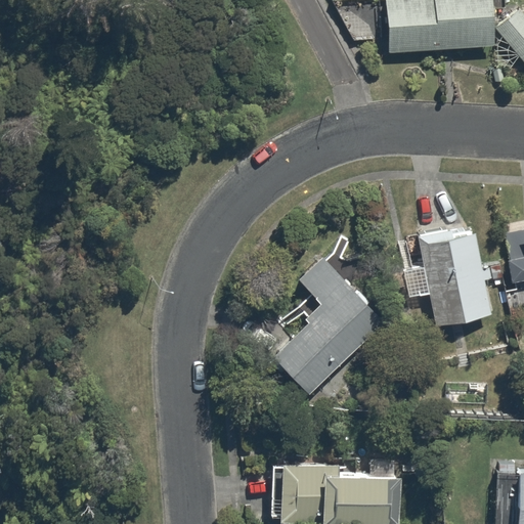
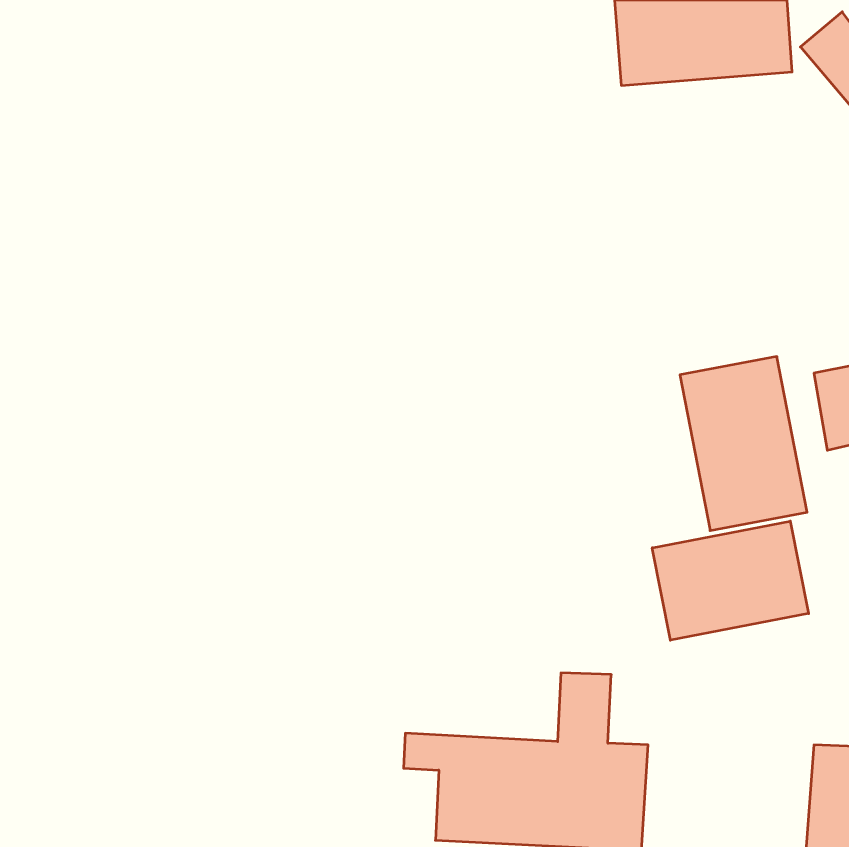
building: [272,259,386,393] -> none
building: none -> [652,521,809,640]

